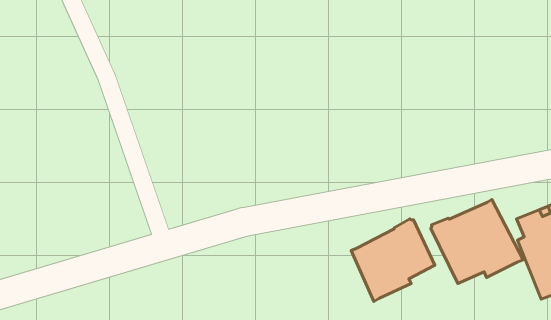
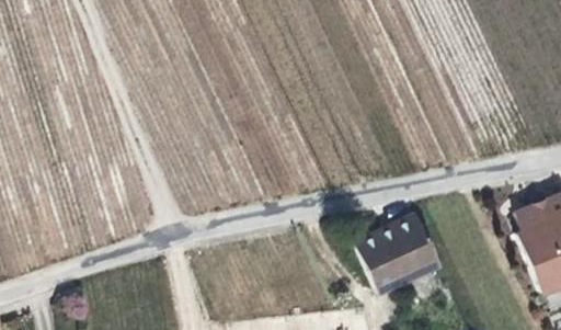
building: [431,199,523,284] -> none

